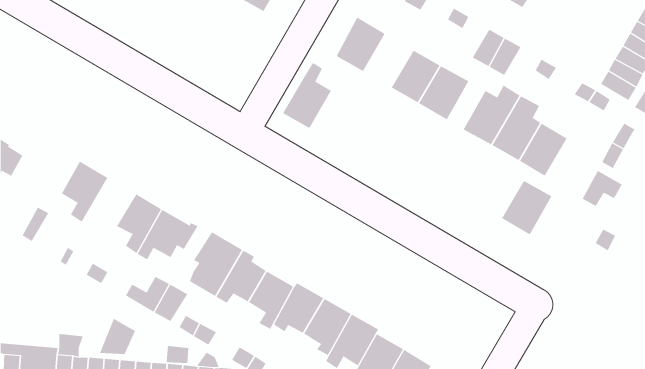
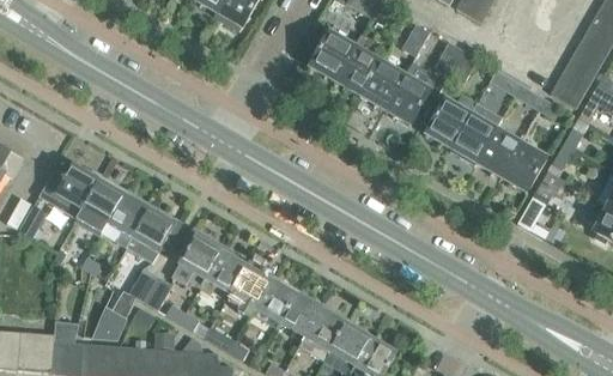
building: [282,62,332,129] -> [334,35,380,96]
building: none -> [77,178,126,235]
building: [501,180,552,235] -> [500,142,547,193]

